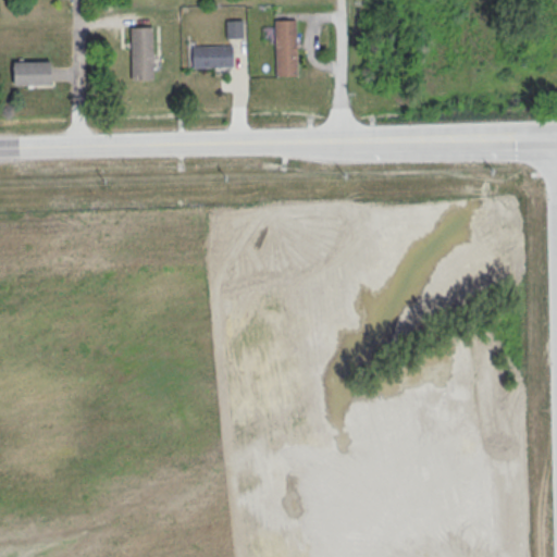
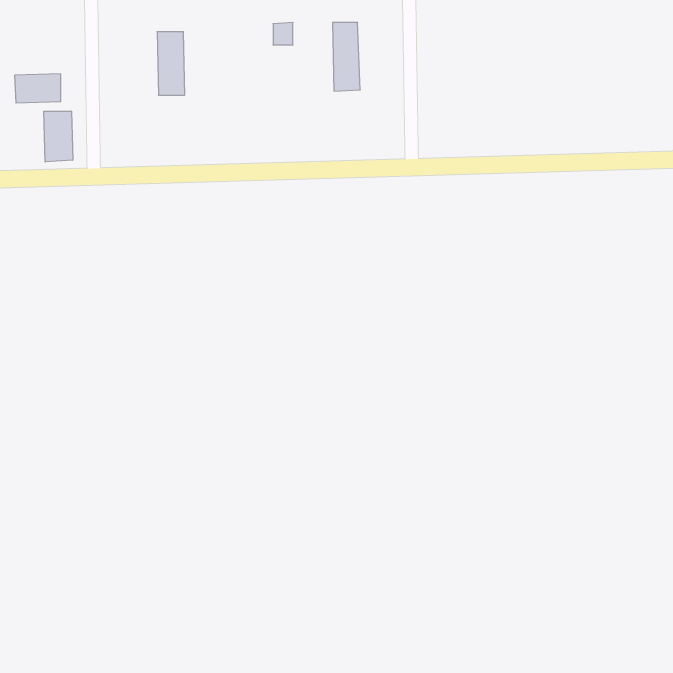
building: [193,45,233,67] -> none
building: none -> [44,111,73,162]

